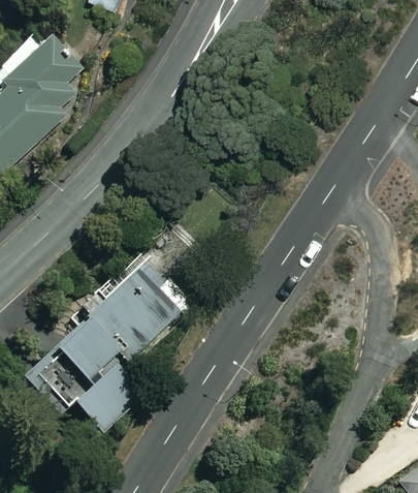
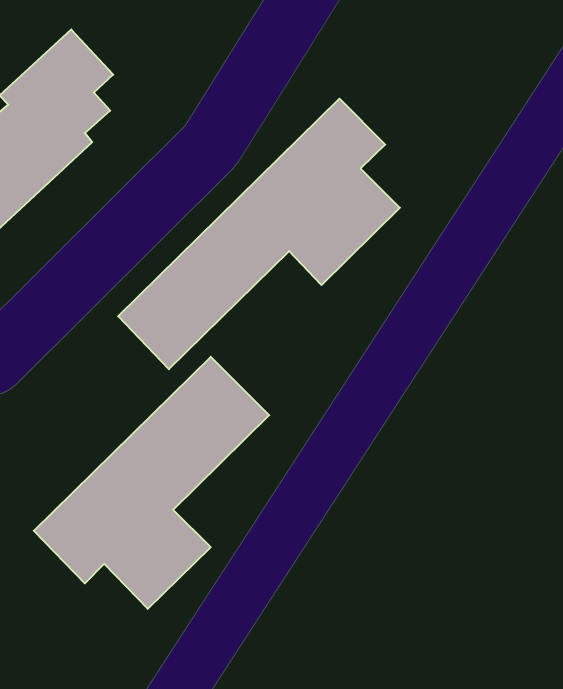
building: none -> [118,99,400,369]

